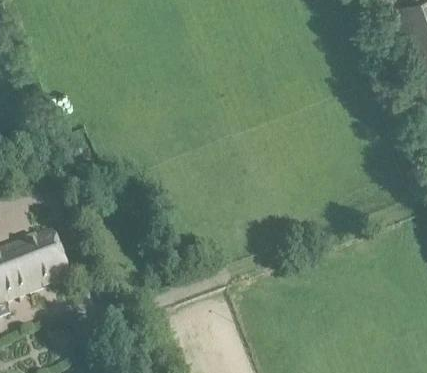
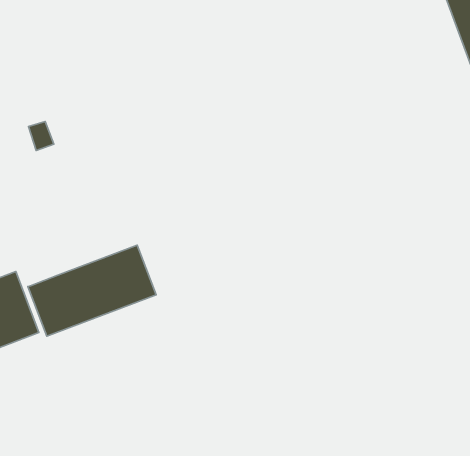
building: none -> [28,245,156,336]

